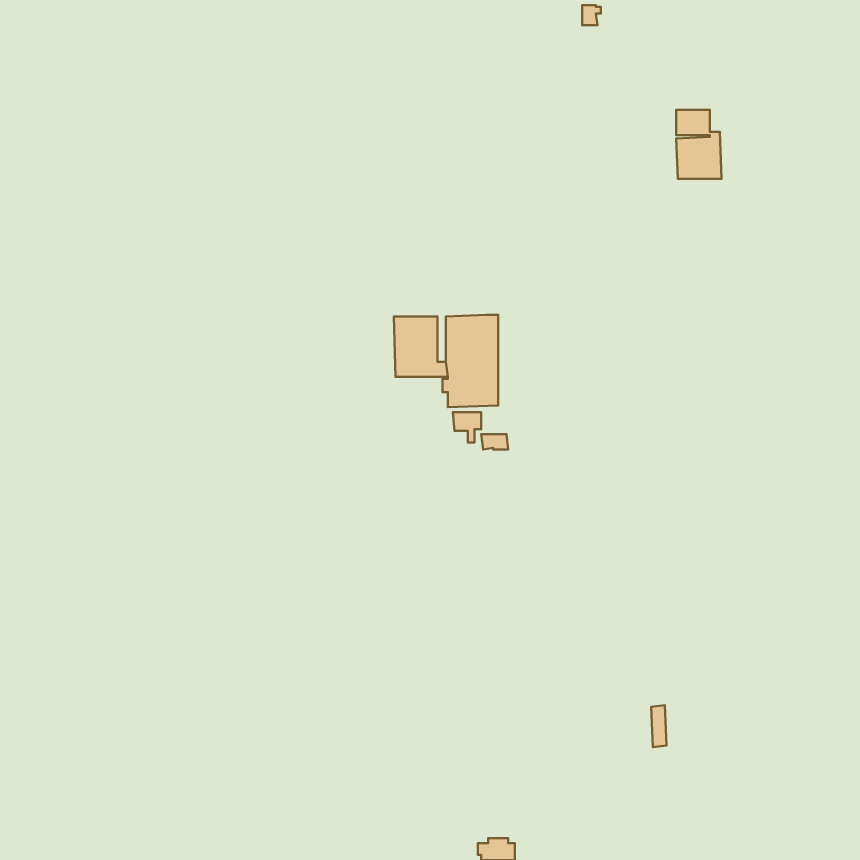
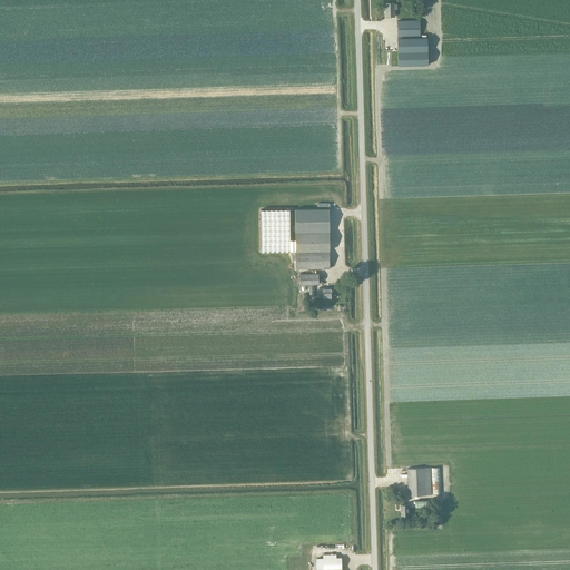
building: [676,110,722,179] -> [397,20,428,66]
building: none -> [409,469,426,497]

